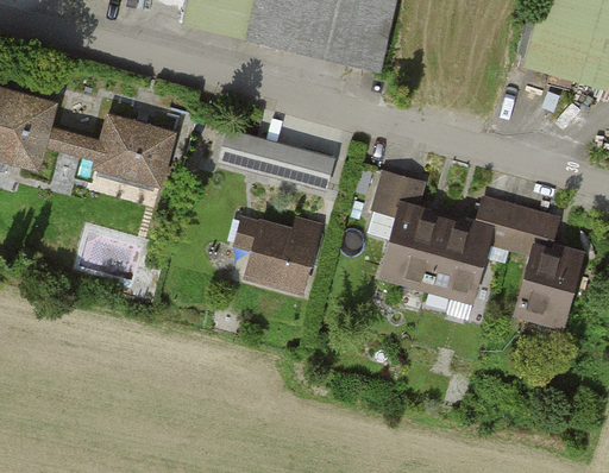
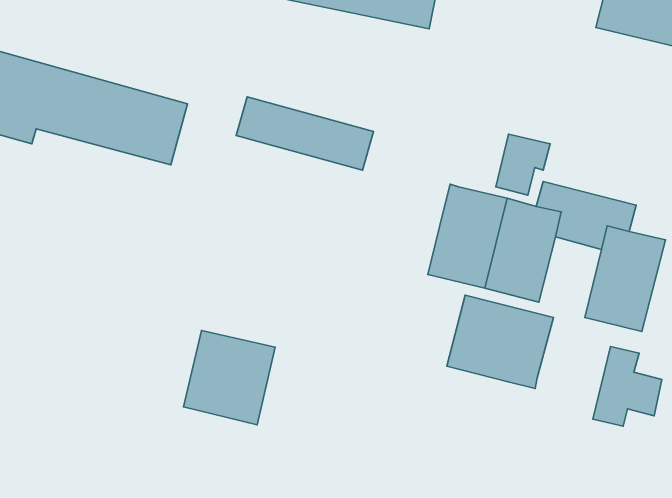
building: [366,174,413,226] -> [496,134,550,195]
building: [241,212,320,292] -> [184,330,275,425]
building: none -> [447,295,553,389]
building: none -> [593,347,662,426]

